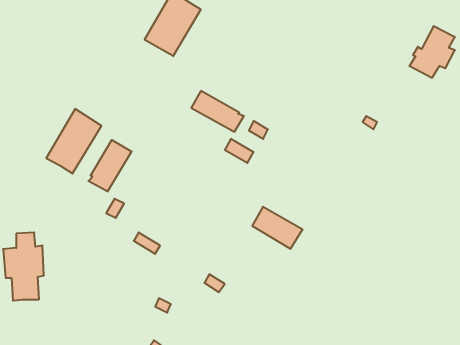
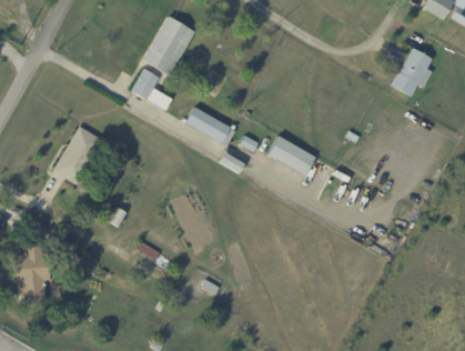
building: none -> [132,70,160,101]
building: [88,140,132,192] -> none
building: [252,207,303,249] -> [267,136,314,174]

